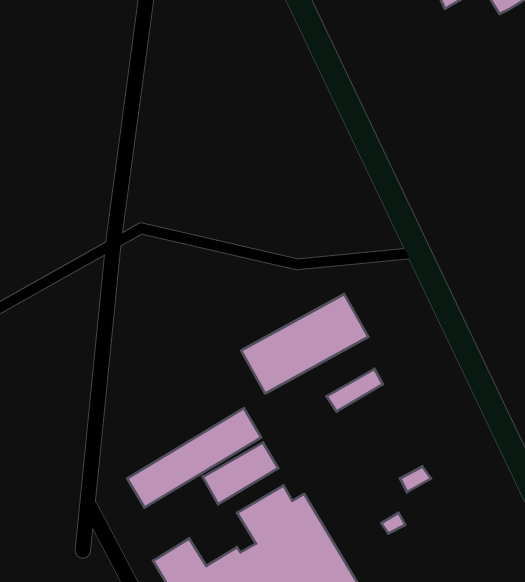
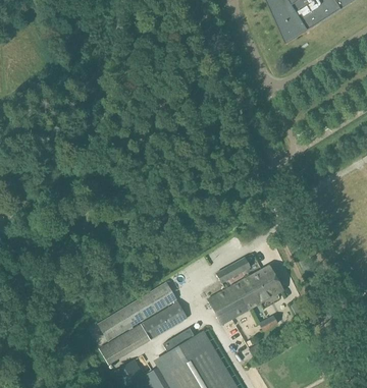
building: [241,294,368,393] -> [208,265,283,324]
building: none -> [99,323,150,364]

